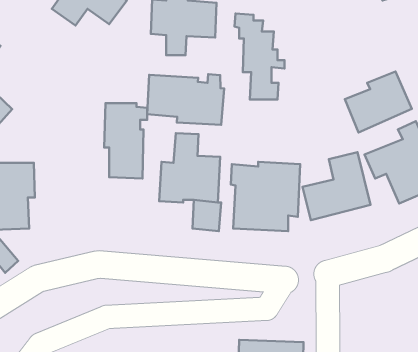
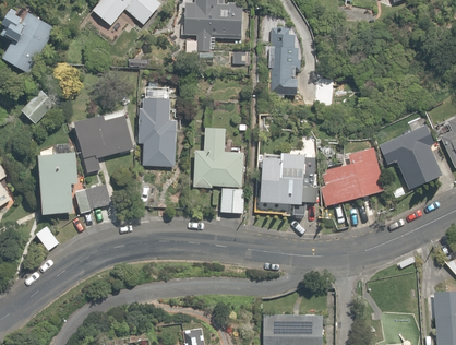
building: [345,72,412,133] -> none
building: [147,74,224,125] -> none
building: none -> [72,109,134,175]
building: none -> [73,181,115,214]

